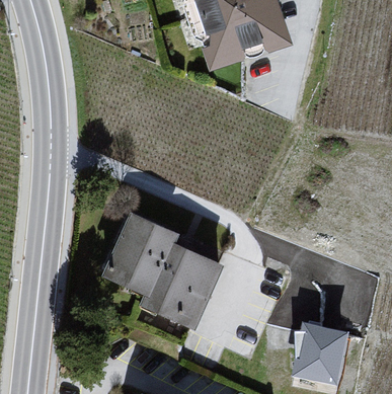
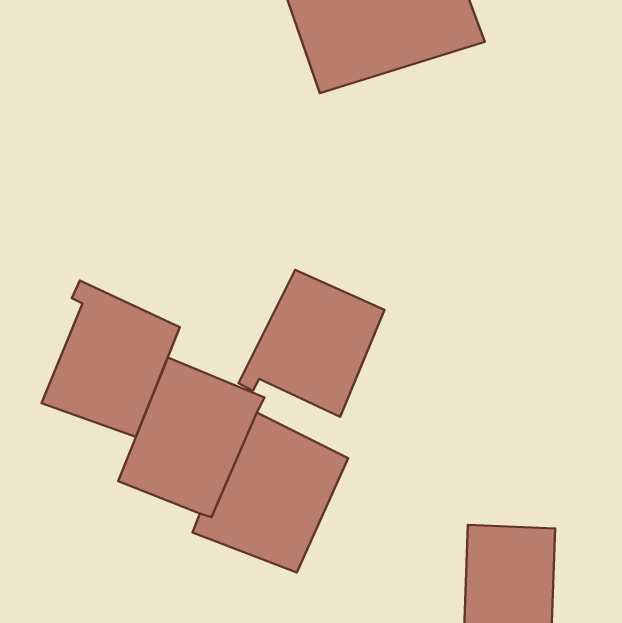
building: none -> [239,270,385,417]
building: none -> [41,281,180,437]

